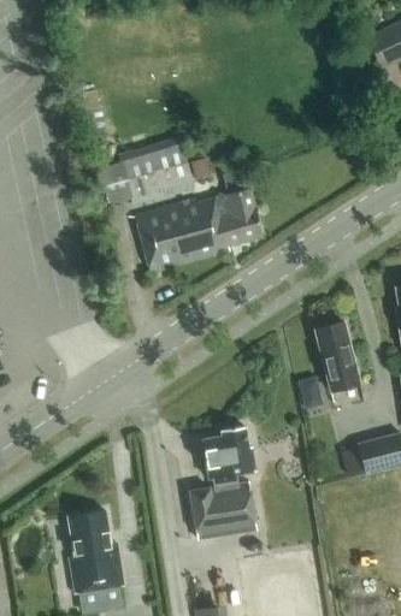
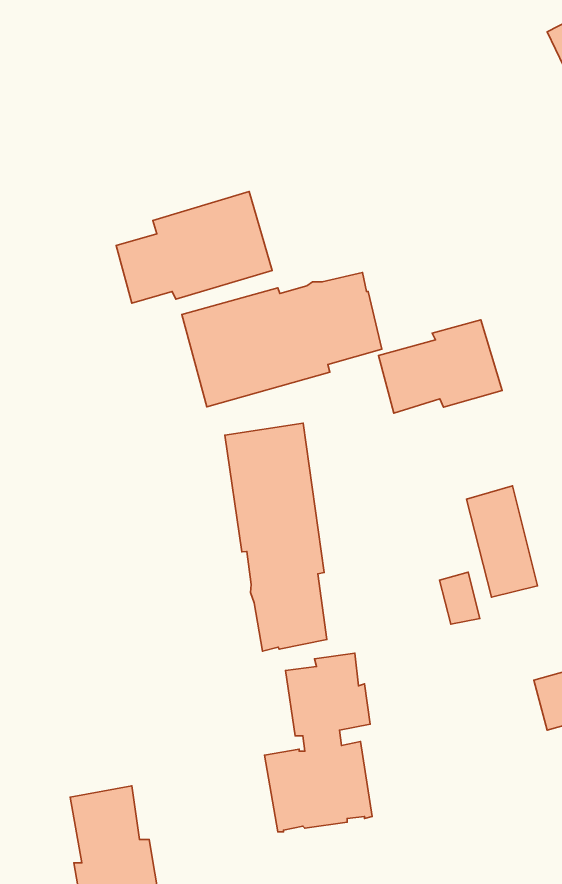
building: none -> [378,320,502,413]
building: none -> [225,423,327,651]

